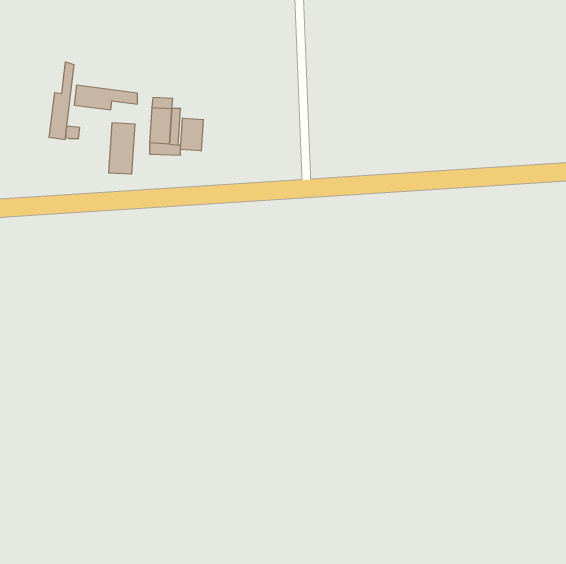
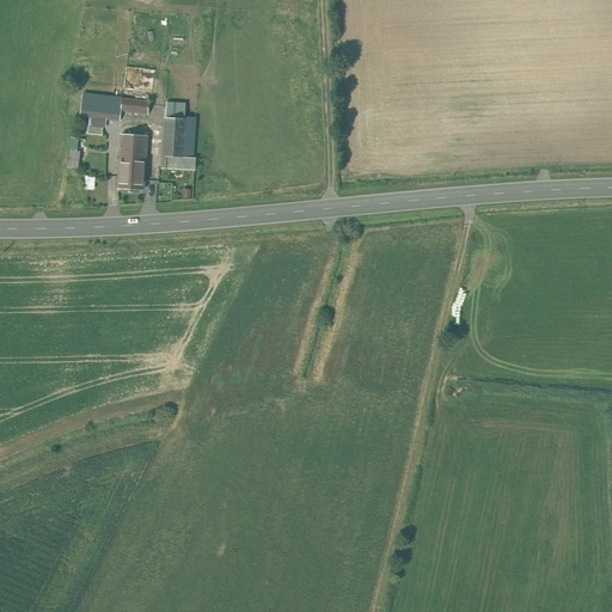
building: [49,62,74,140] -> none
building: [181,118,203,151] -> none

